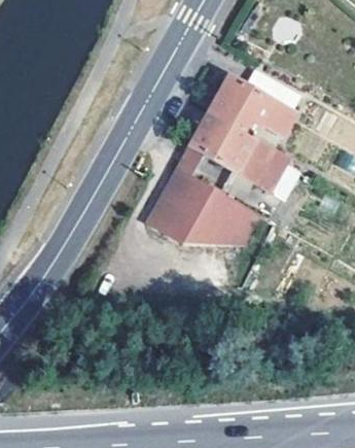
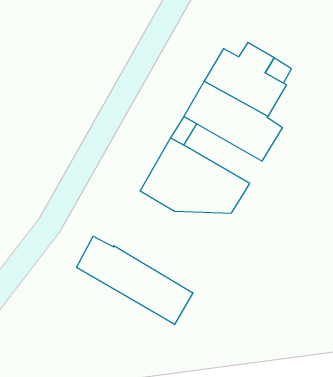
building: none -> [77,236,193,325]

